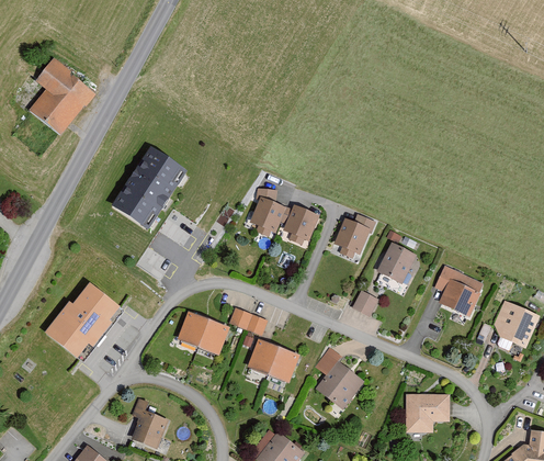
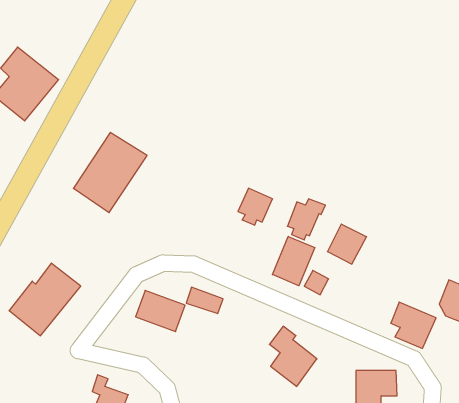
building: [251,190,286,236] -> none
building: none -> [272,236,315,286]
building: [434,267,481,315] -> [391,302,436,348]
building: [250,340,297,383] -> none

